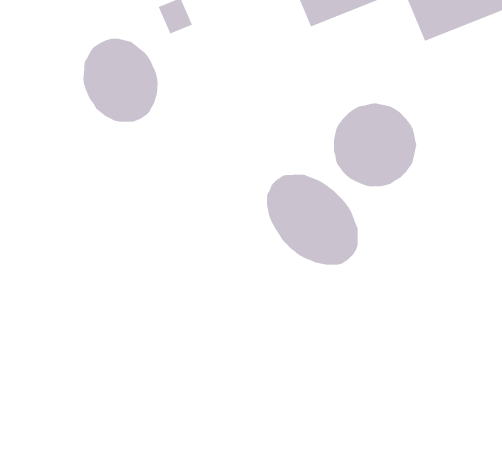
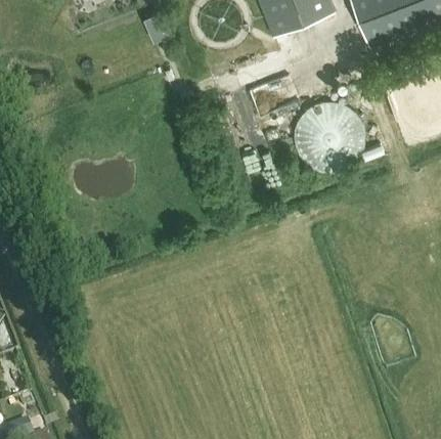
building: [83,38,158,123] -> none
building: [267,174,358,266] -> none

